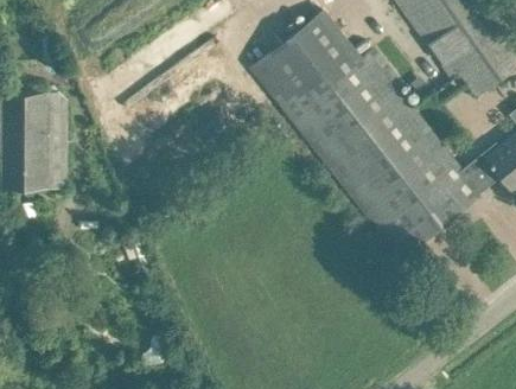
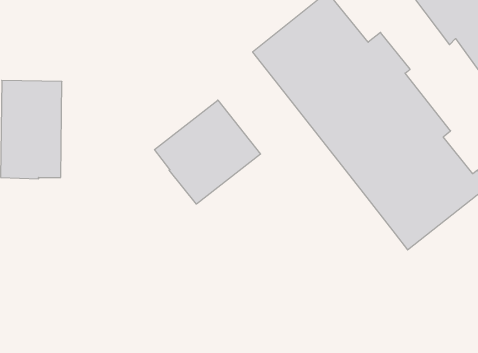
building: none -> [155,100,261,204]

